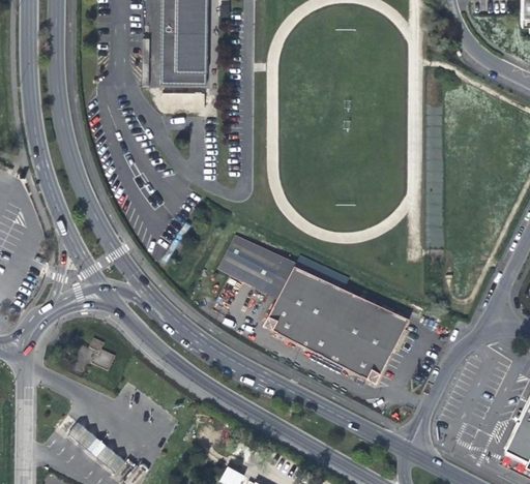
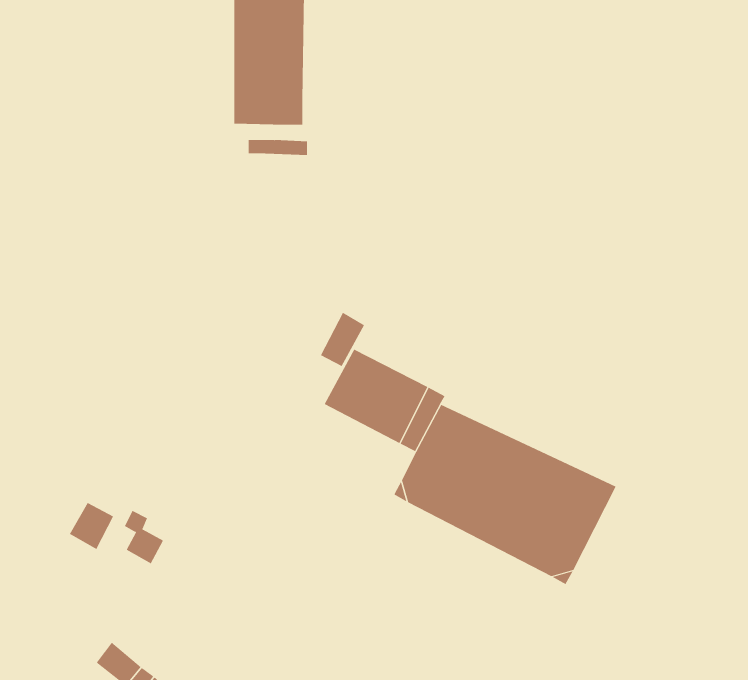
building: none -> [320,312,365,367]
building: none -> [69,502,114,550]

